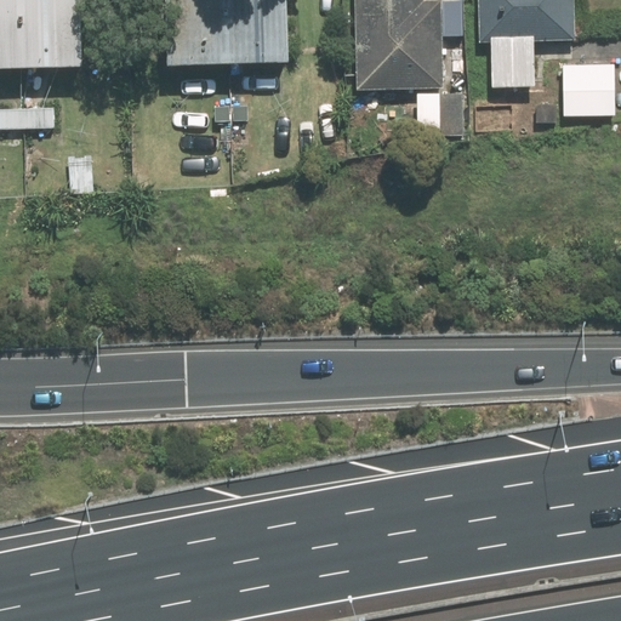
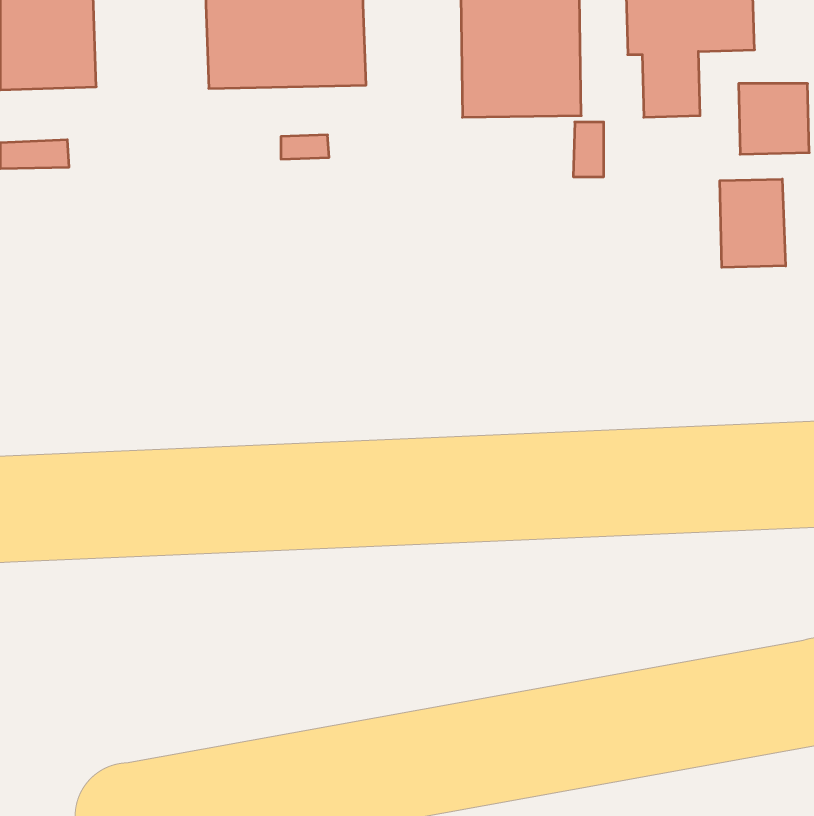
building: none -> [720,179,786,267]

